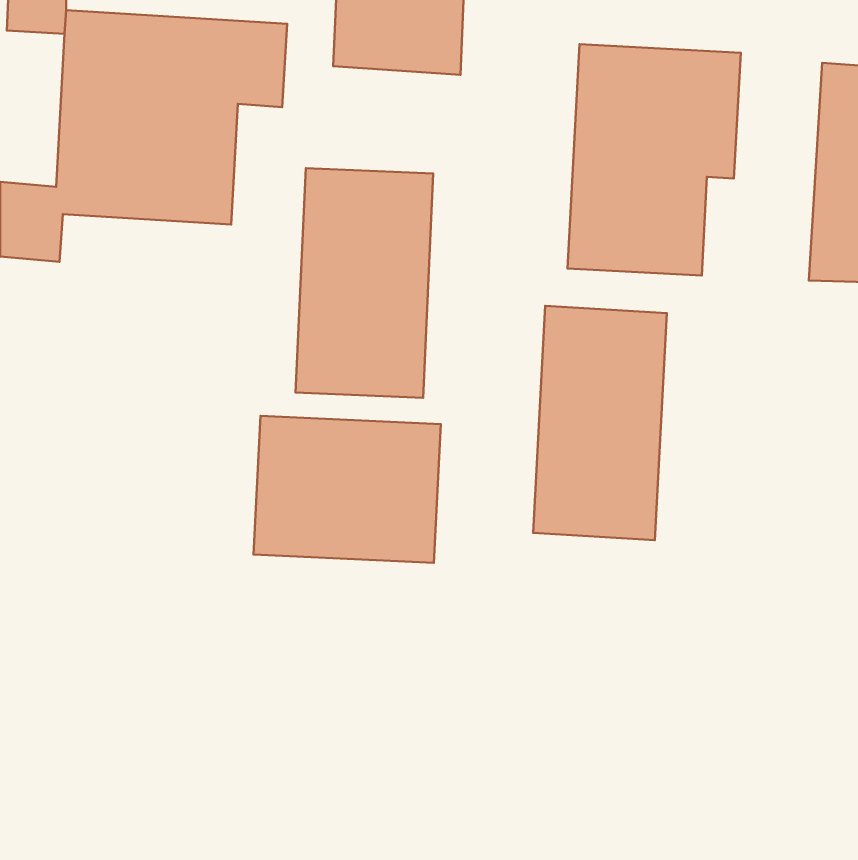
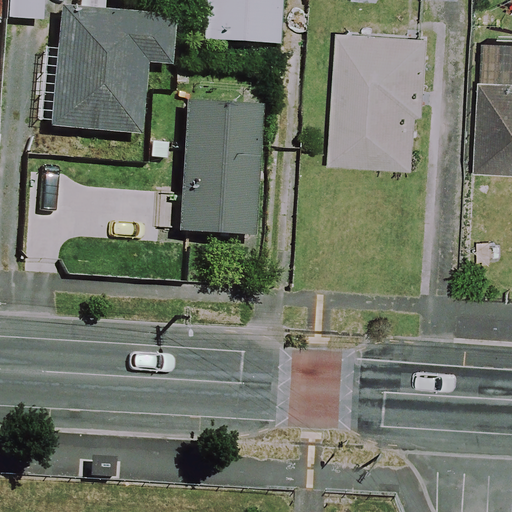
building: [533,306,667,540] -> none
building: [254,416,441,563] -> none

